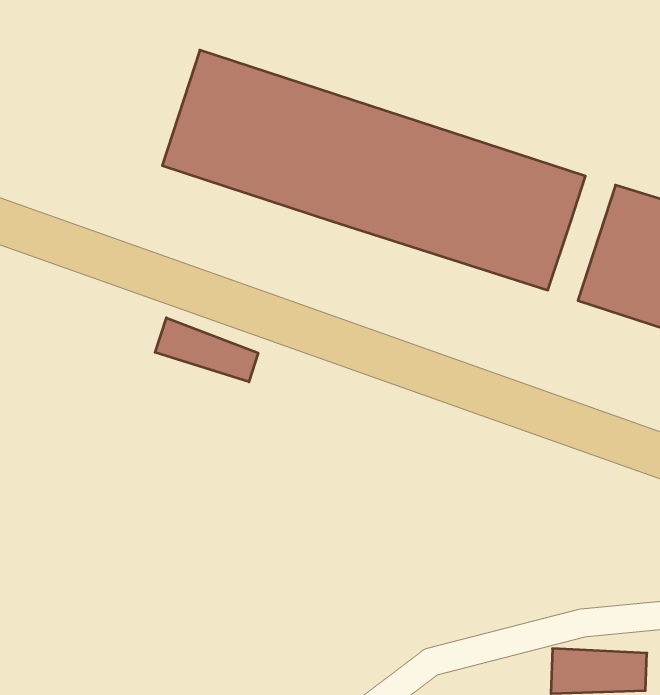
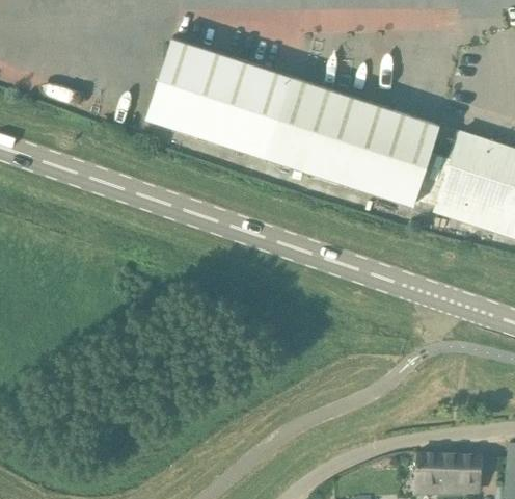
building: [155,318,258,382] -> none

